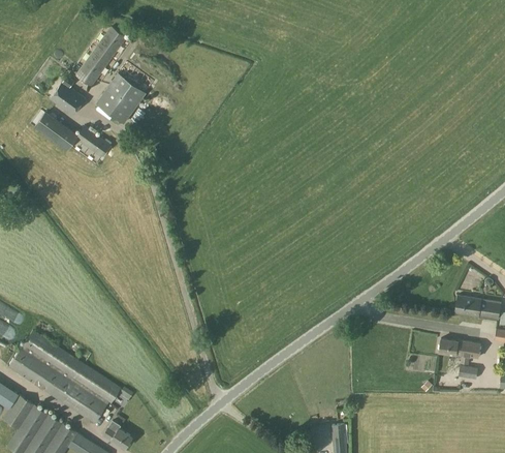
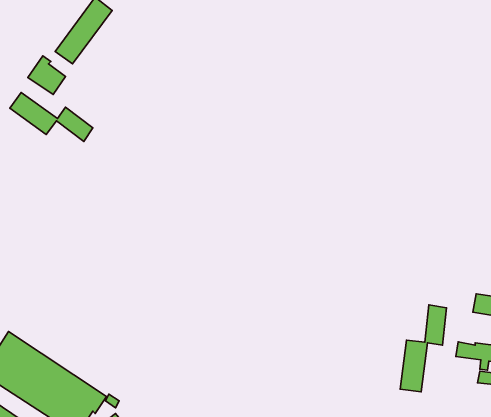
building: [96,74,146,124] -> none
building: none -> [400,305,446,392]

